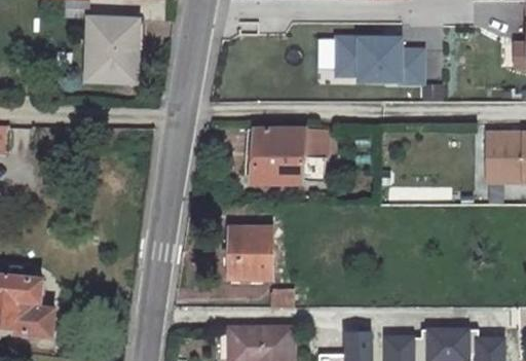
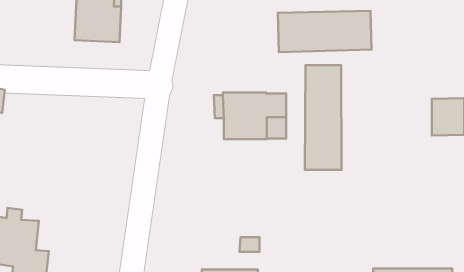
building: none -> [305,65,341,170]
building: [229,229,272,280] -> none

